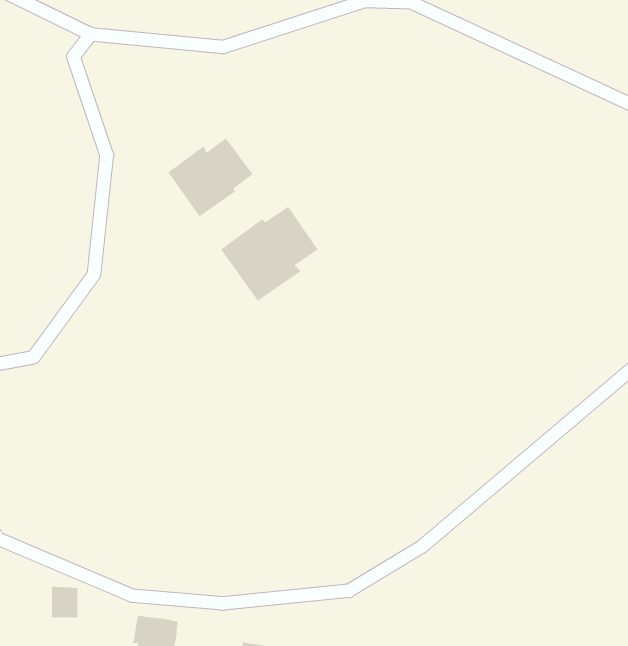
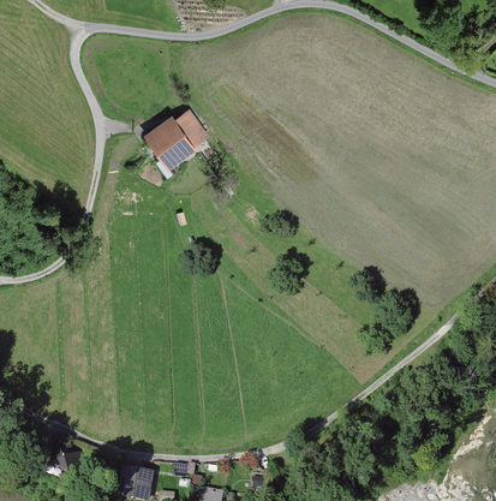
building: [220,206,319,302] -> none

